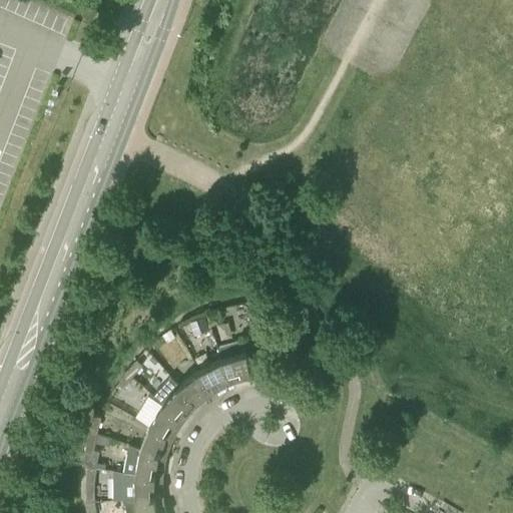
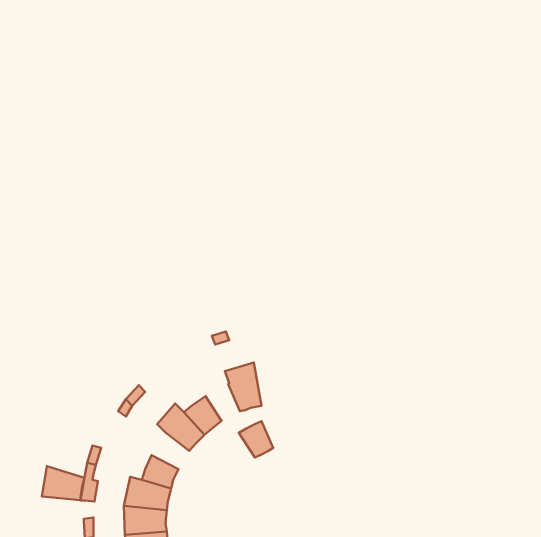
building: [191,370,223,404] -> [239,421,273,458]
building: [141,415,176,449] -> none
building: none -> [42,466,84,500]

